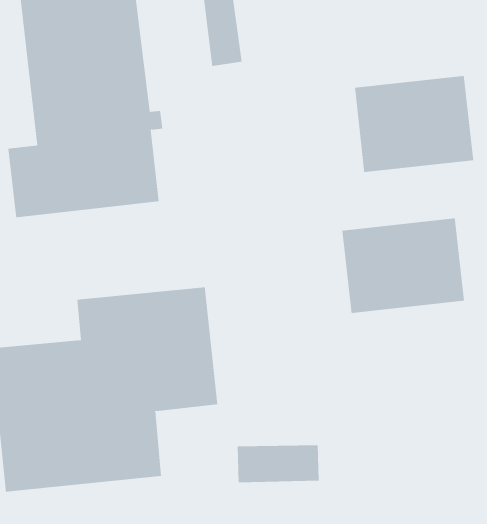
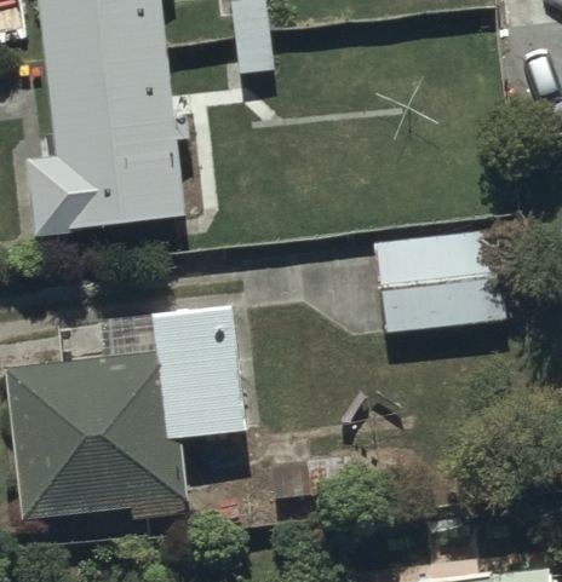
building: [354,75,474,173] -> none

